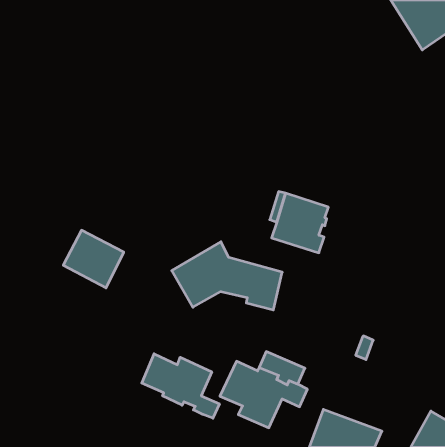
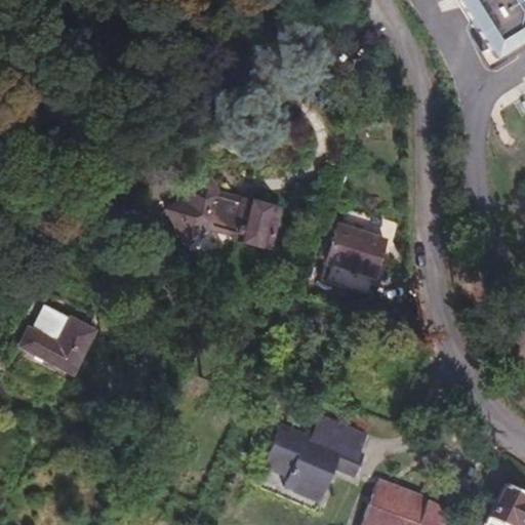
building: [63,230,124,288] -> [25,305,95,372]
building: [172,242,282,310] -> [157,171,286,251]
building: [142,354,219,418] -> none

